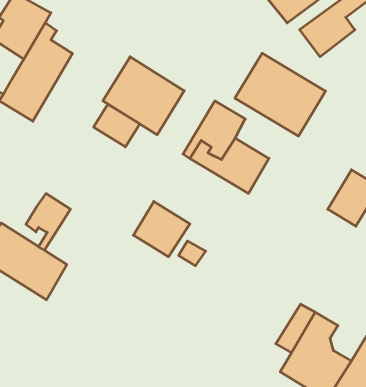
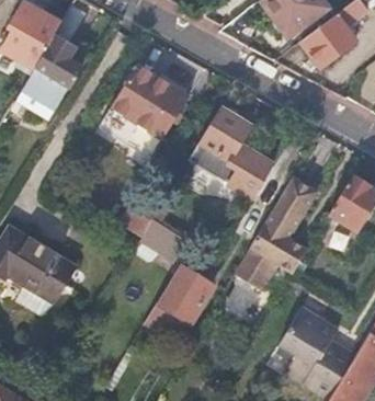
building: [235,53,326,136] -> none
building: [94,104,140,147] -> none
building: none -> [235,175,317,288]
building: [26,194,70,250] -> none
building: none -> [148,264,215,330]

